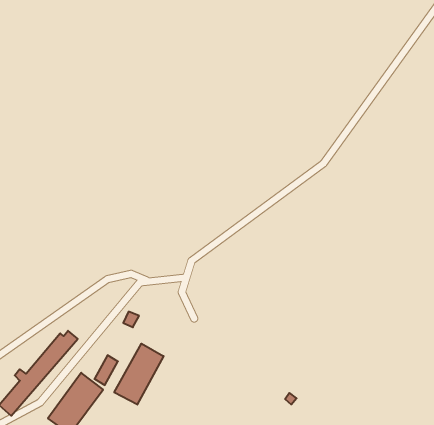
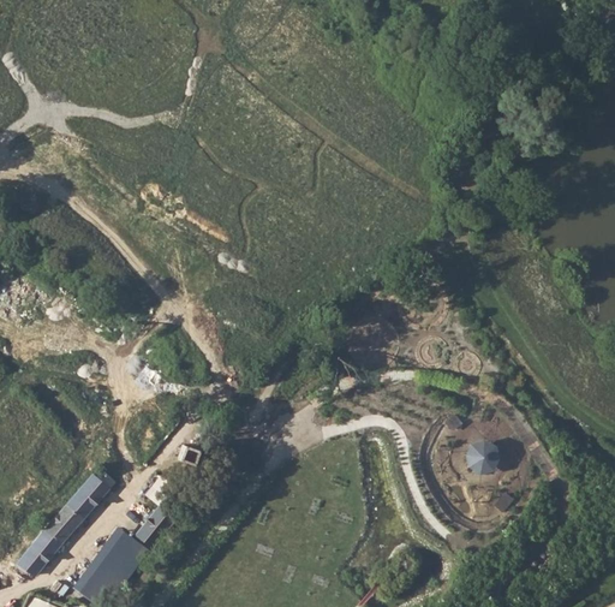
building: none -> [466,440,502,475]
building: [114,344,164,405] -> none

